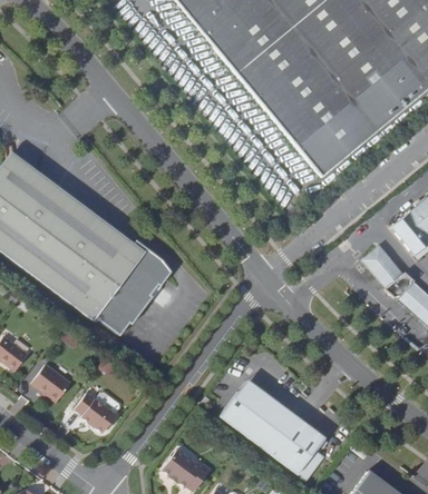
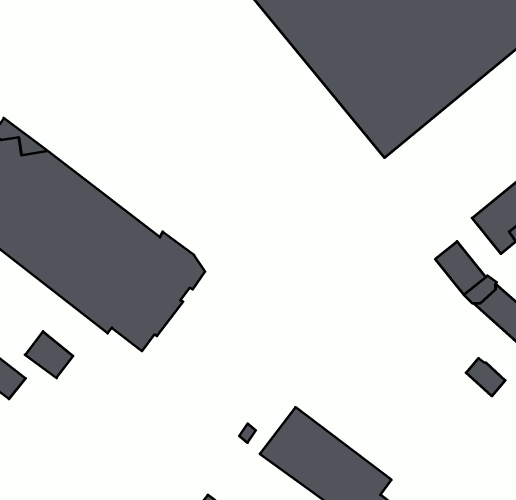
building: none -> [466,358,505,396]
building: [30,365,69,403] -> [25,331,73,378]
building: [74,394,115,434] -> none

